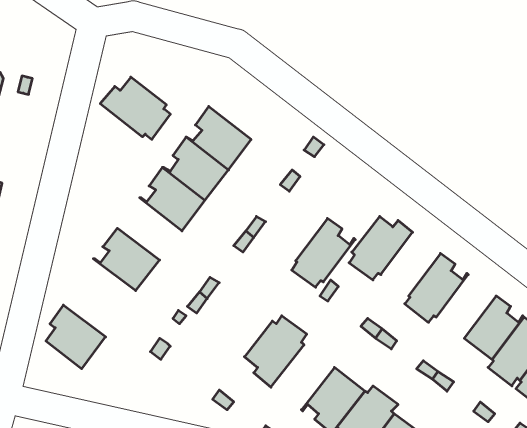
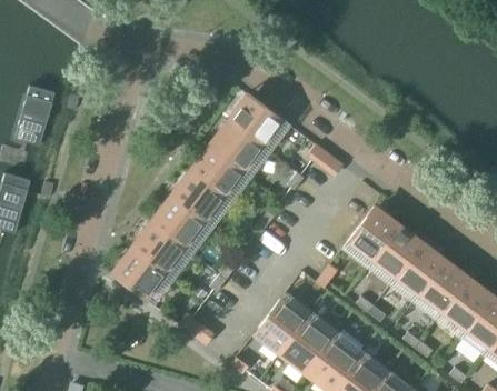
building: [100,77,170,139] -> [228,97,287,149]
building: none -> [151,196,206,248]
building: [292,218,355,287] -> [369,224,423,282]
building: none -> [419,260,469,313]
building: [46,305,106,369] -> [117,247,167,300]
building: none -> [280,319,334,373]

